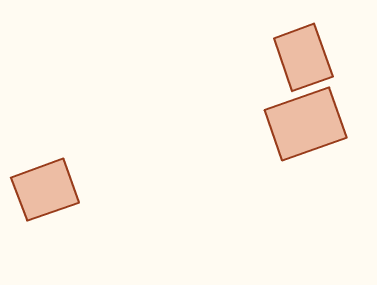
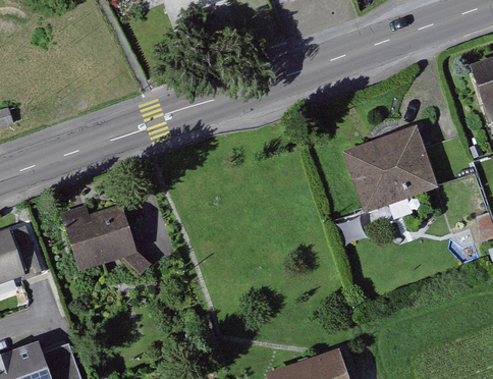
building: [274,23,333,91] -> none

